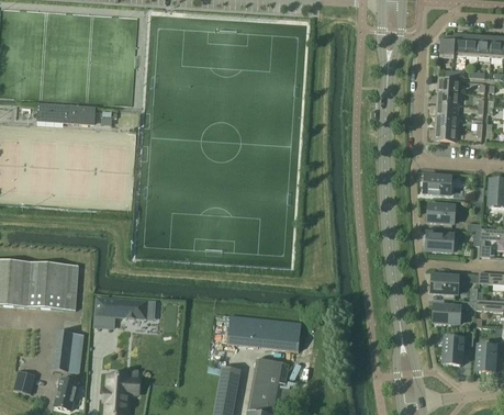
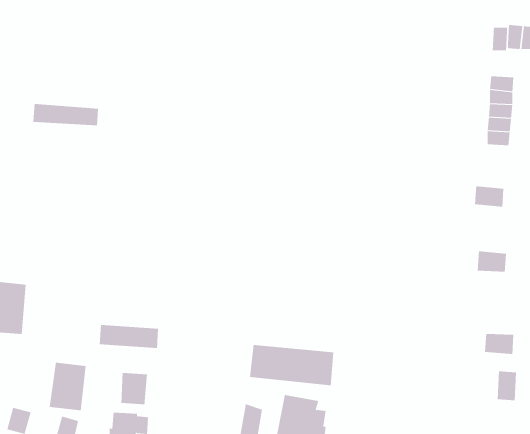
building: [427,203,453,222] -> none
building: [27,261,78,309] -> none
building: [430,274,457,293] -> none
building: none -> [121,372,148,405]

